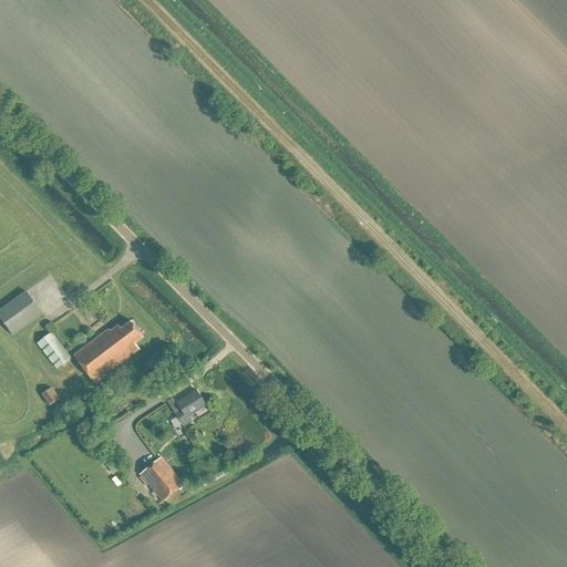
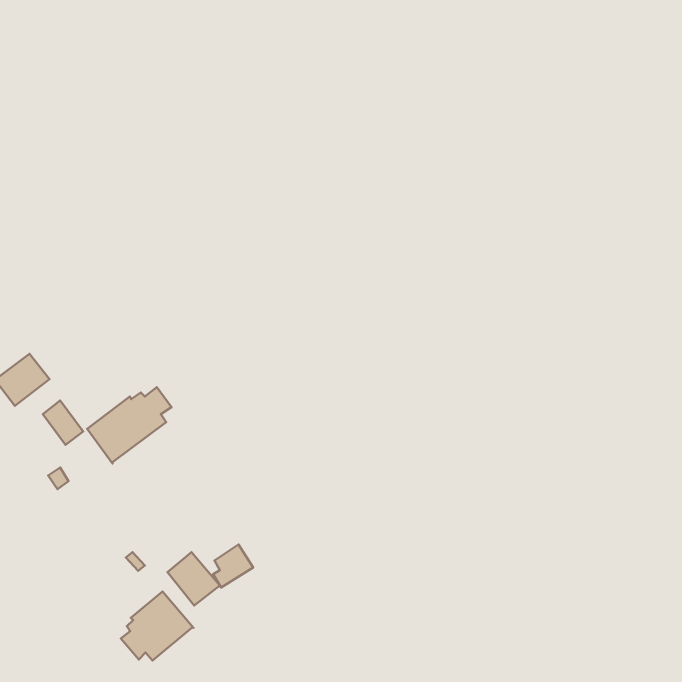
building: [174,389,207,424] -> [213,545,253,587]
building: none -> [121,592,193,660]

